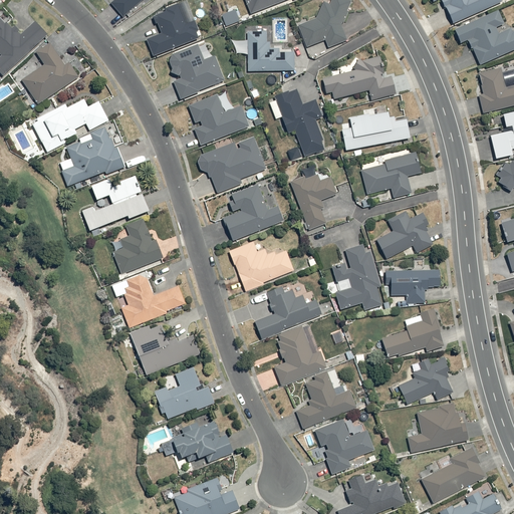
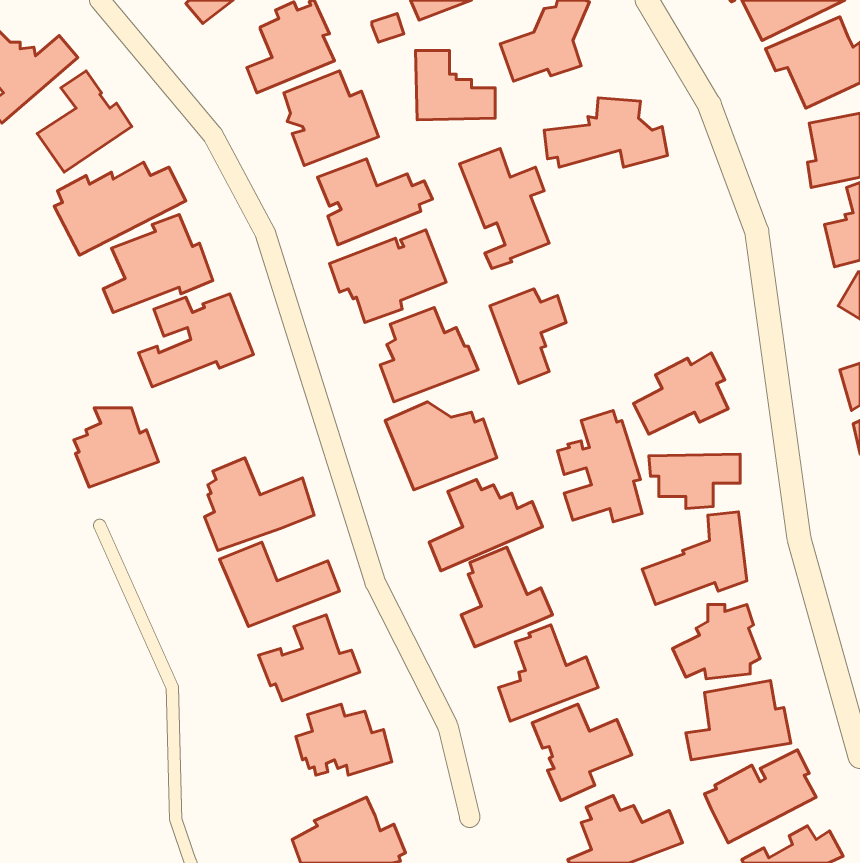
building: [341,105,411,150] -> none
building: [358,149,421,197] -> none
building: [112,225,163,272] -> [74,408,158,487]

